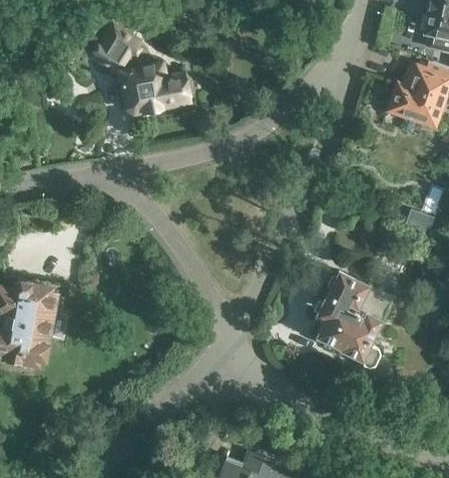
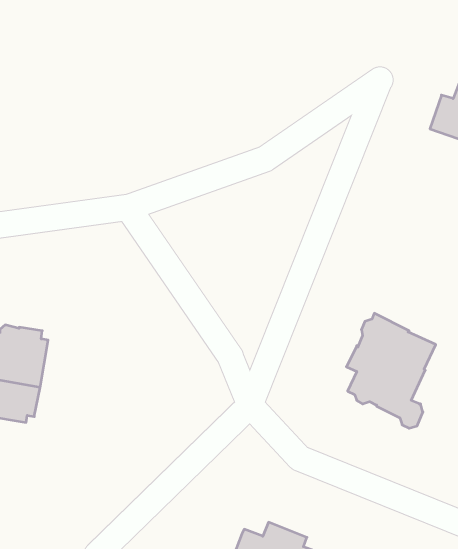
building: [95,28,189,114] -> none

